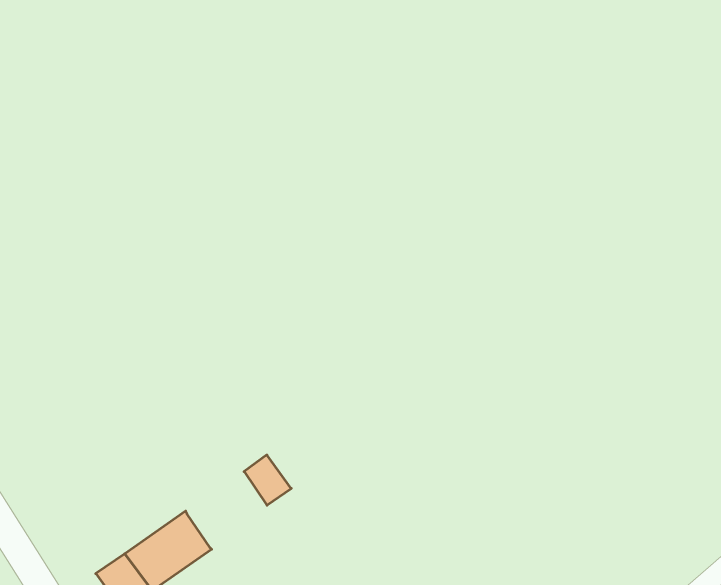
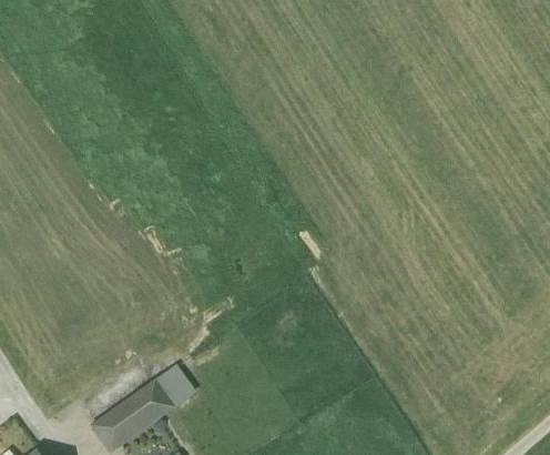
building: [244,455,291,505] -> [156,368,191,405]

